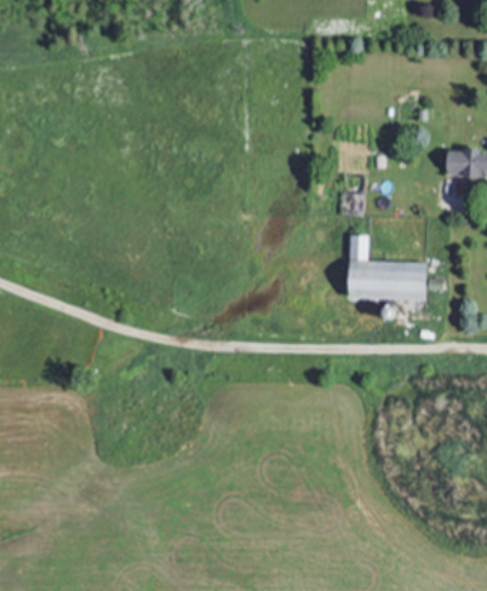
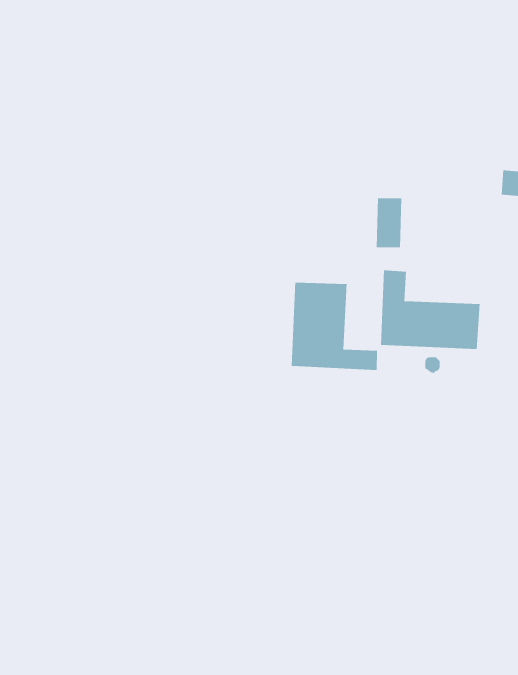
building: none -> [291,282,378,371]

